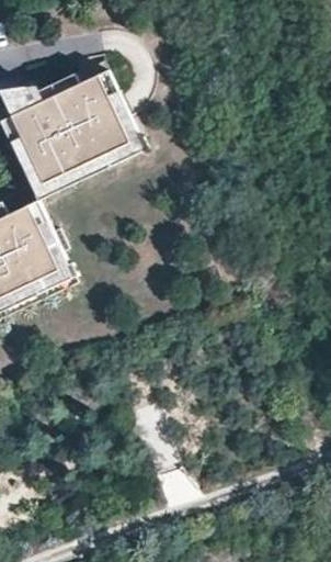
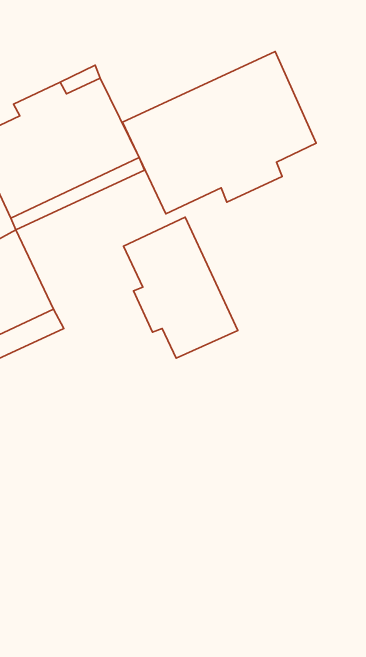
building: none -> [123,51,316,214]
building: none -> [124,217,238,358]

